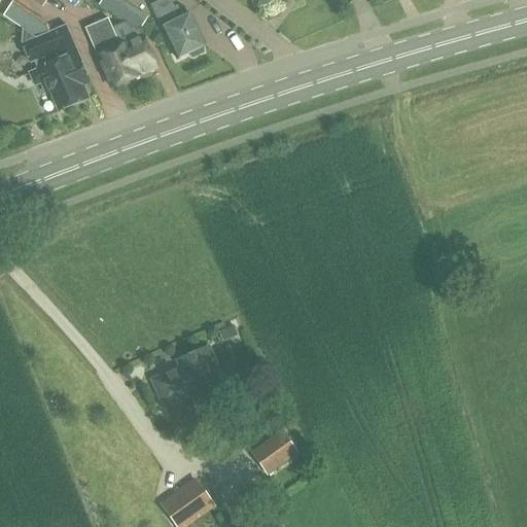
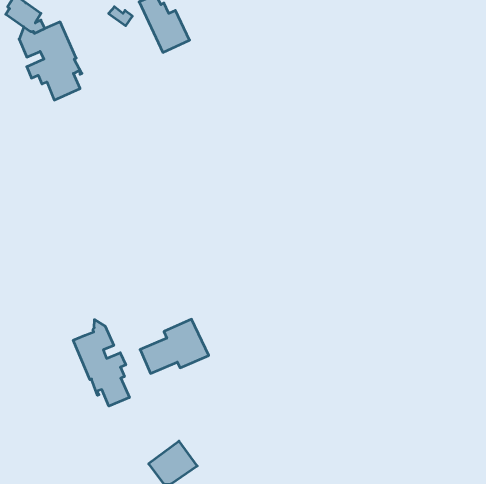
building: [83,15,153,84] -> none
building: none -> [73,320,129,406]
building: [252,429,296,471] -> none

